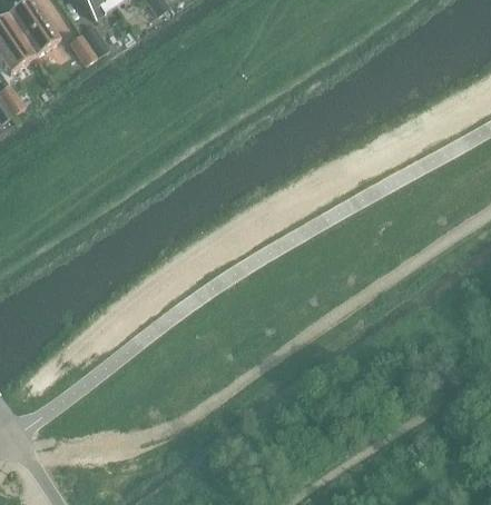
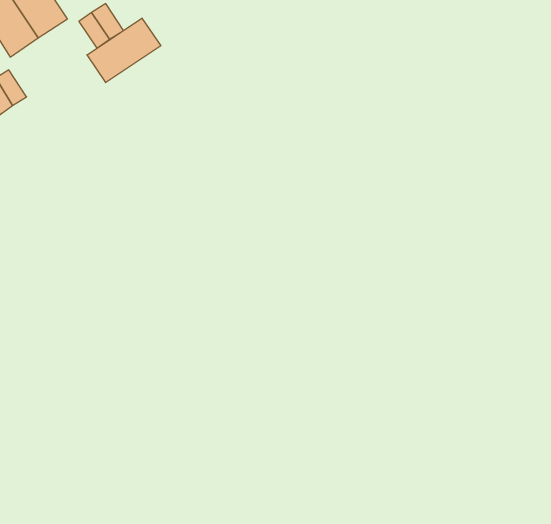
building: none -> [87,18,161,83]

